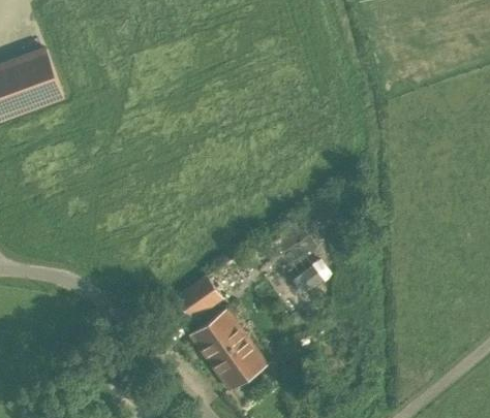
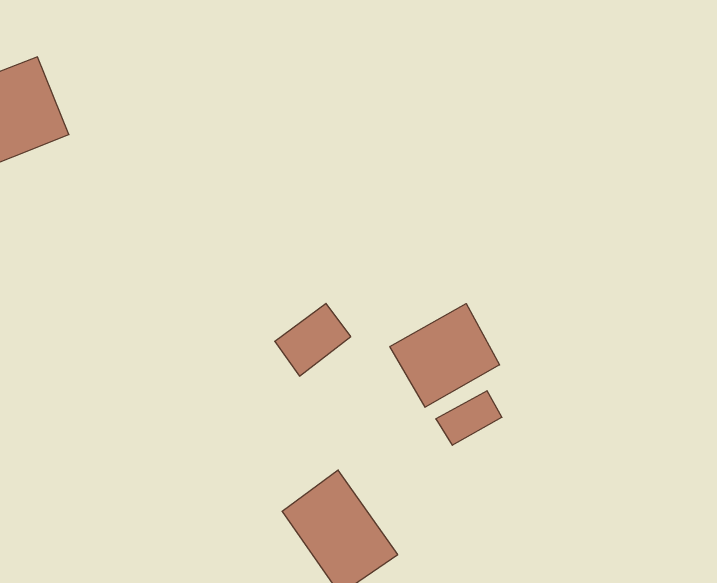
building: none -> [390,304,500,407]
building: [170,281,217,326] -> [275,303,351,376]

